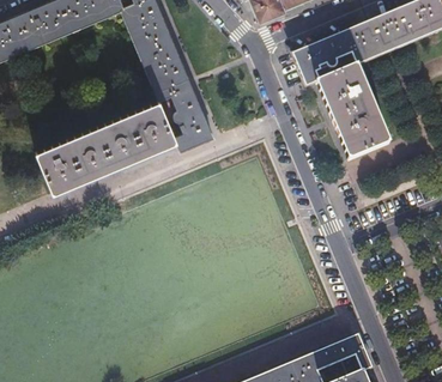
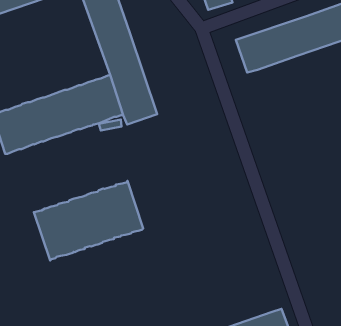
building: [317,65,392,159] -> none
building: none -> [34,181,143,261]

